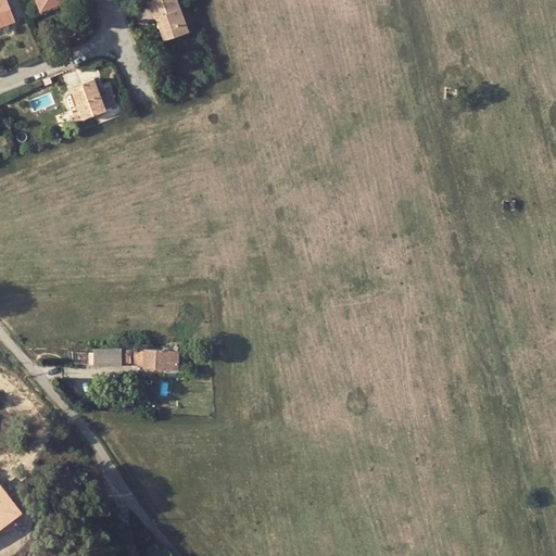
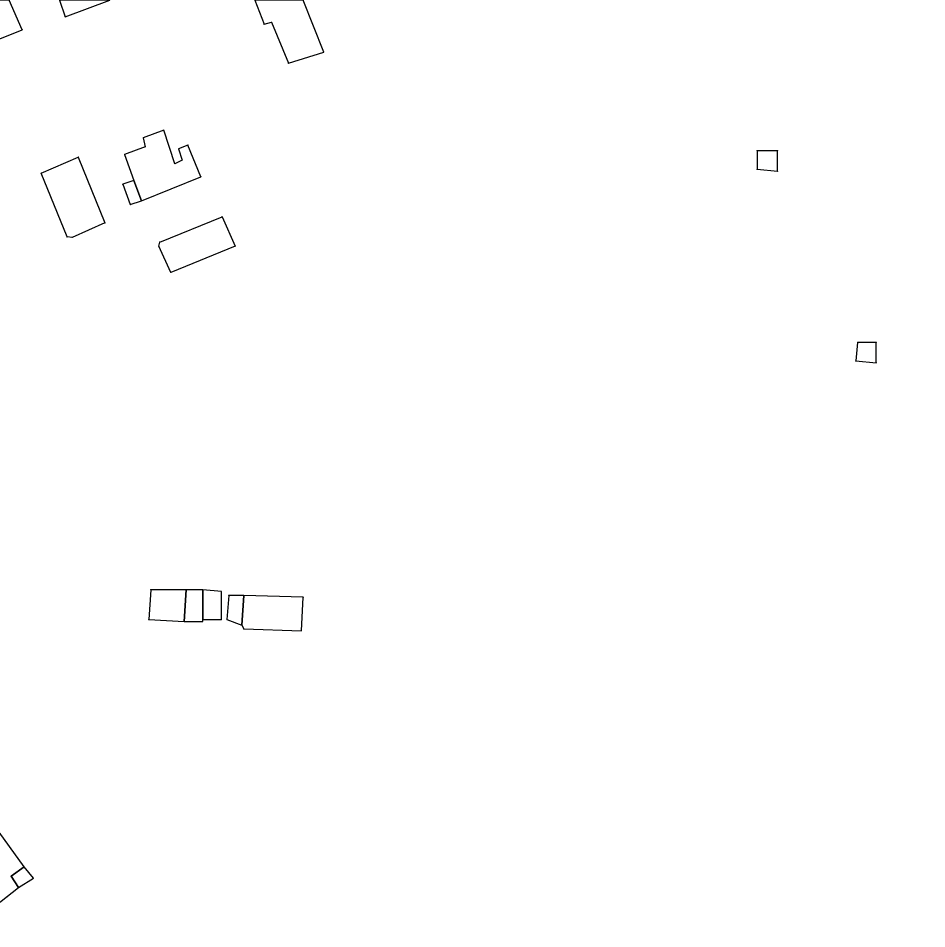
building: none -> [41,157,105,237]
building: none -> [159,217,235,272]

